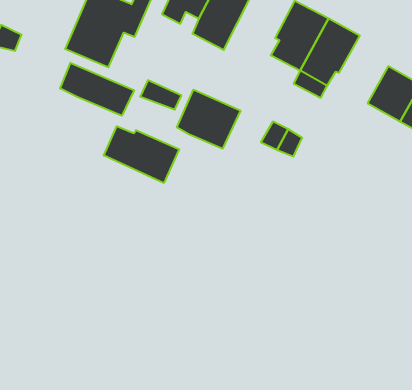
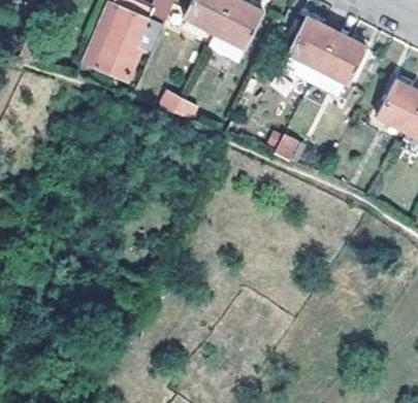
building: [60,63,134,116] -> none
building: [177,90,240,149] -> none
building: [104,126,179,183] -> none

